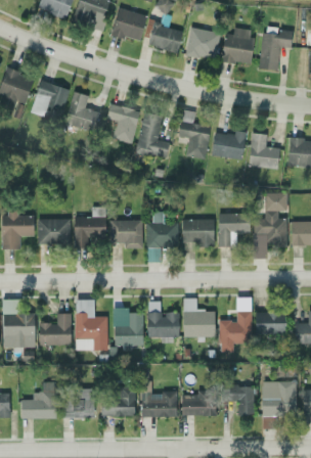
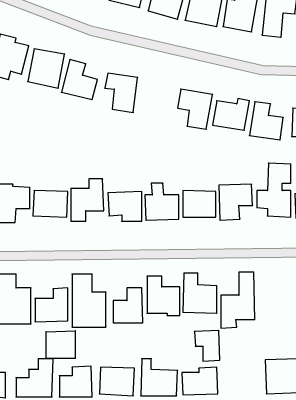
building: [135,113,169,158] -> none
building: [255,312,286,335] -> none
building: none -> [46,331,75,358]
building: [229,385,254,415] -> [194,330,220,361]

